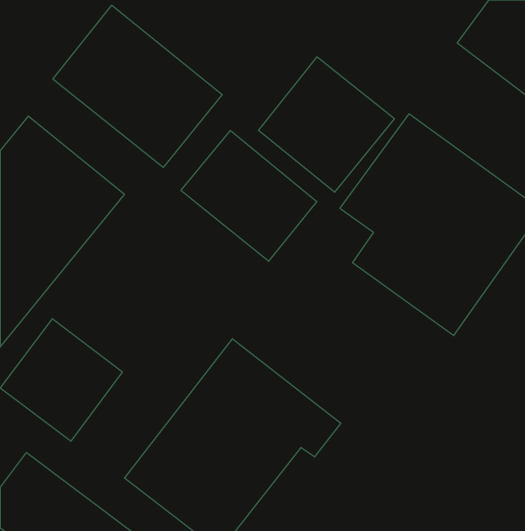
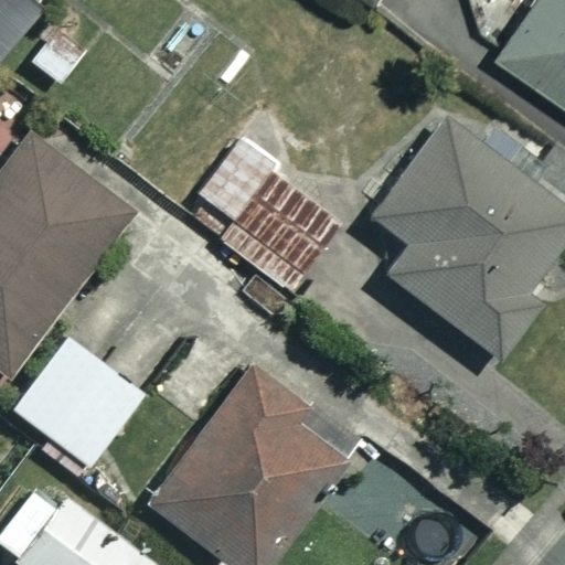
building: [53,5,222,167] -> none
building: [258,57,394,192] -> none

